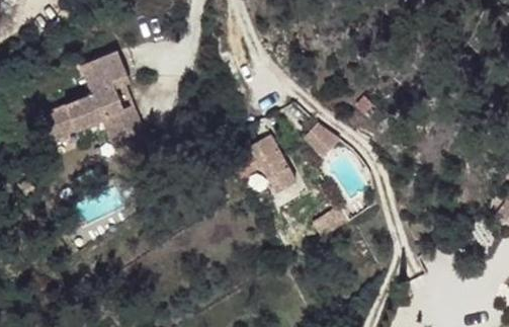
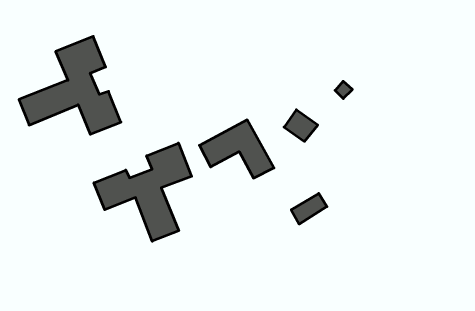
building: none -> [94,143,192,241]

